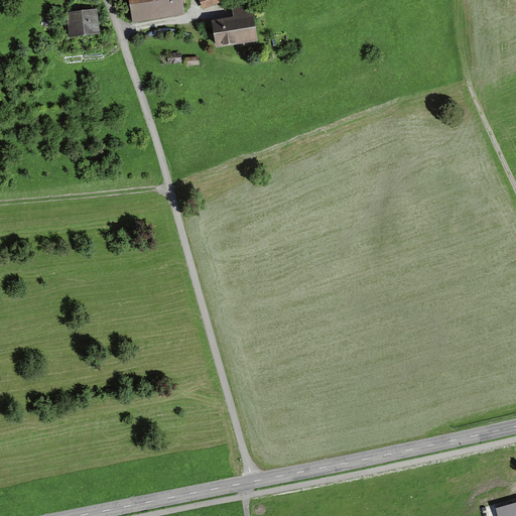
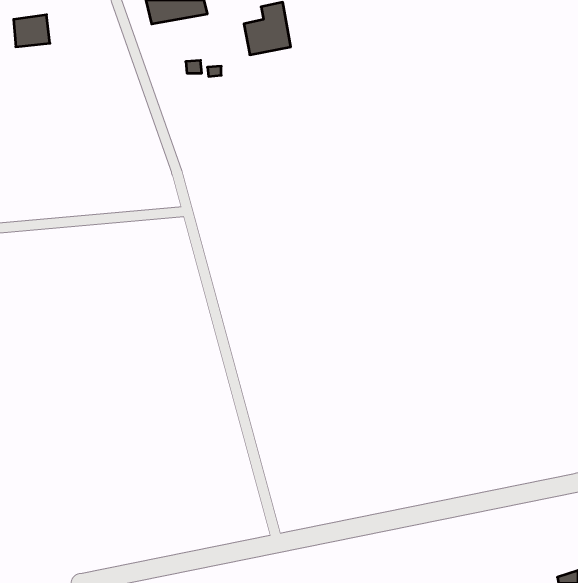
building: [68,10,100,38] -> [14,15,50,47]

